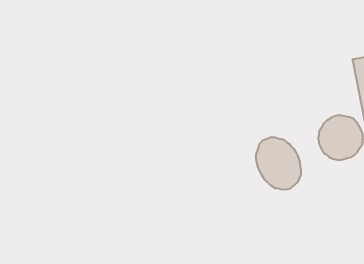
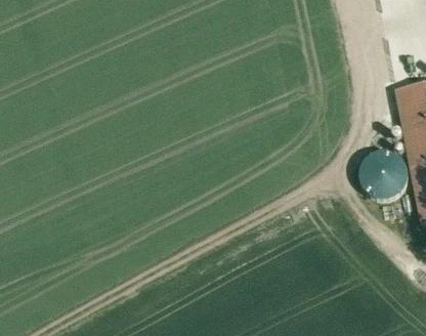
building: [256,137,301,190] -> none

